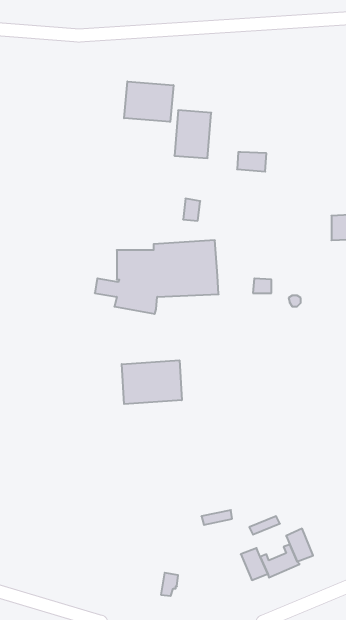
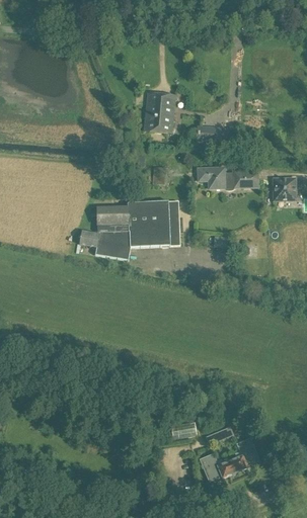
building: [124,81,173,122] -> none
building: none -> [199,167,257,189]
building: [122,360,182,404] -> none

